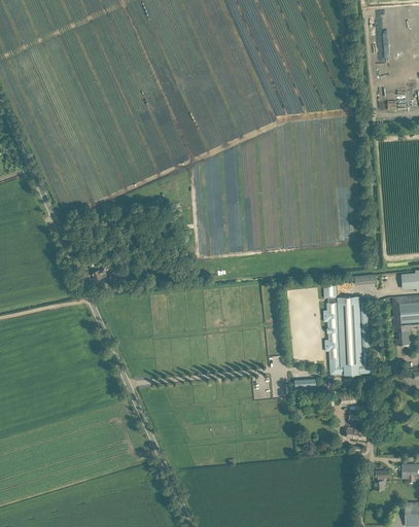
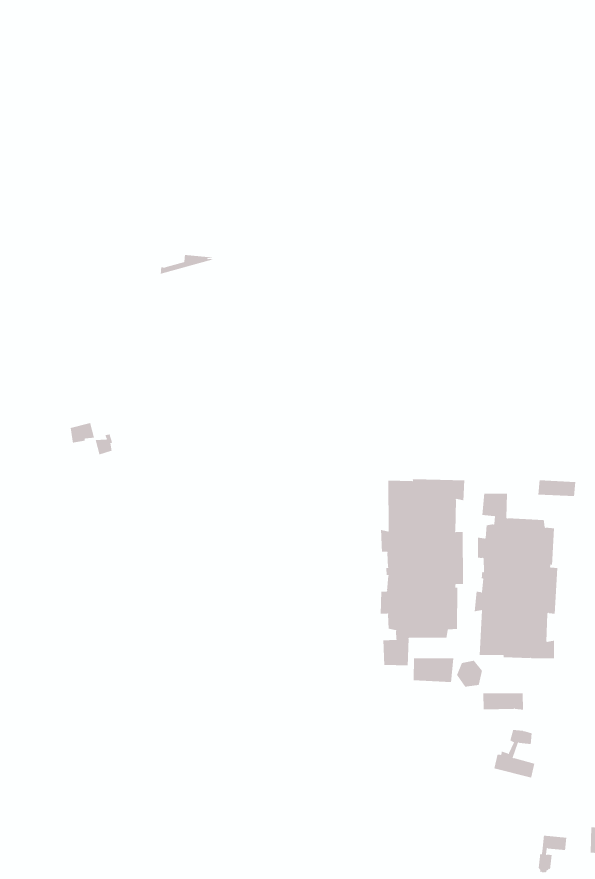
building: none -> [380,479,465,666]

